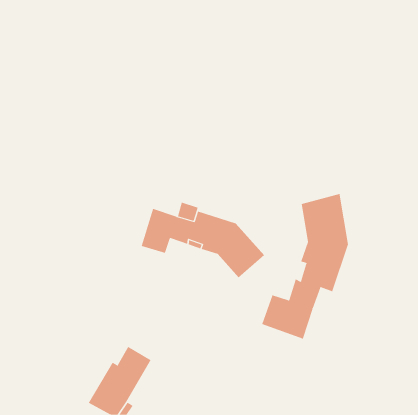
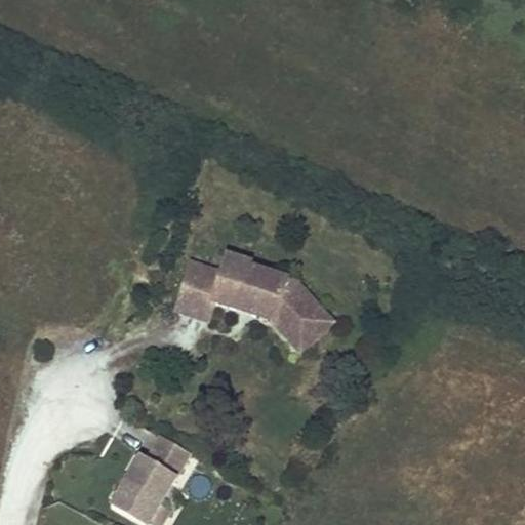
building: [261,193,349,339] -> none

